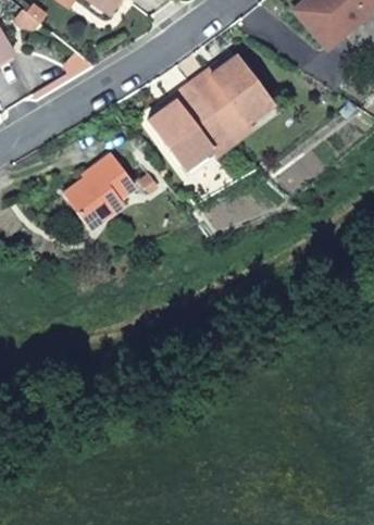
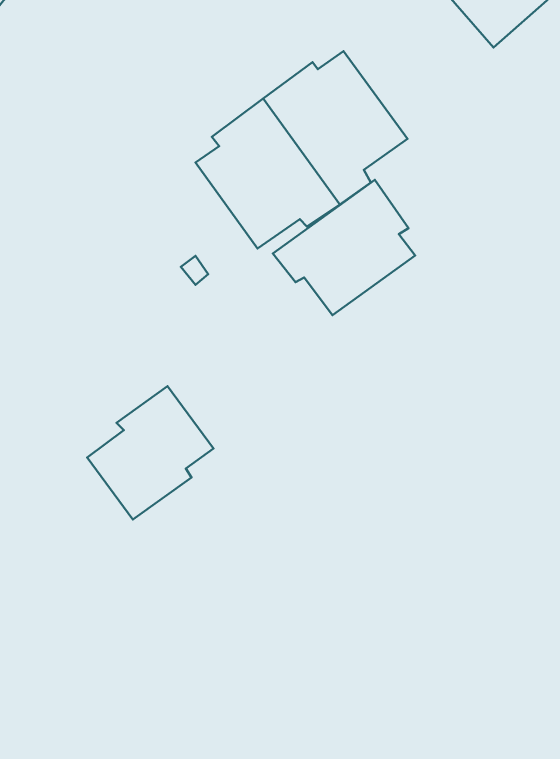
building: none -> [273,180,415,315]
building: [64,151,139,230] -> [87,386,213,520]

